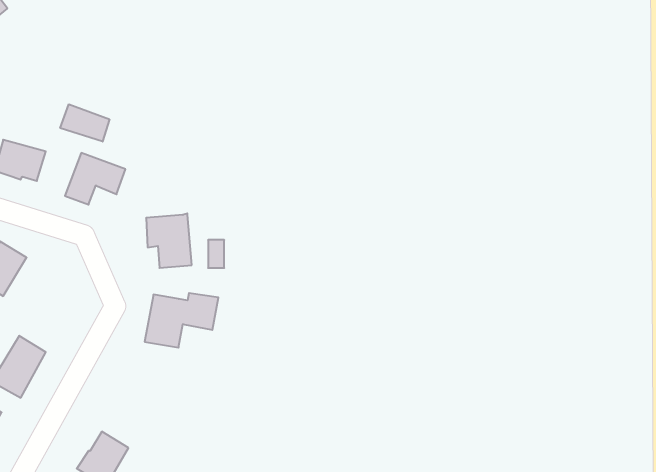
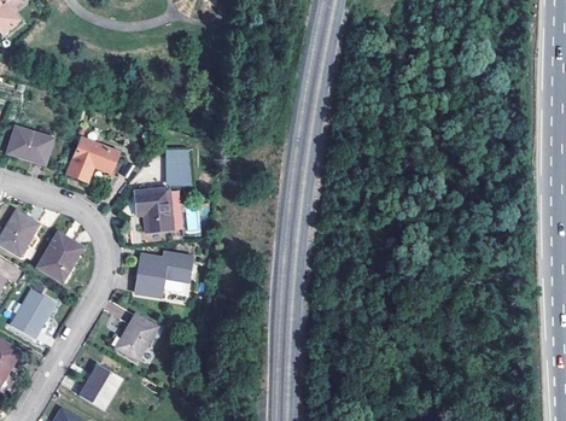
building: [60,104,109,142] -> none
building: none -> [165,151,193,188]
building: none -> [36,232,81,280]
building: none -> [115,315,156,361]

